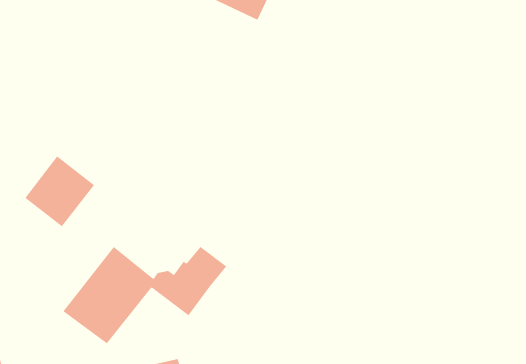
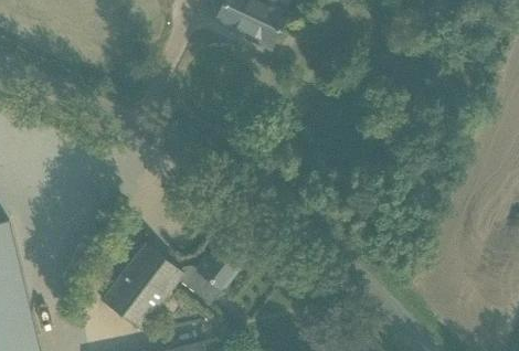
building: [24,155,95,227] -> none

